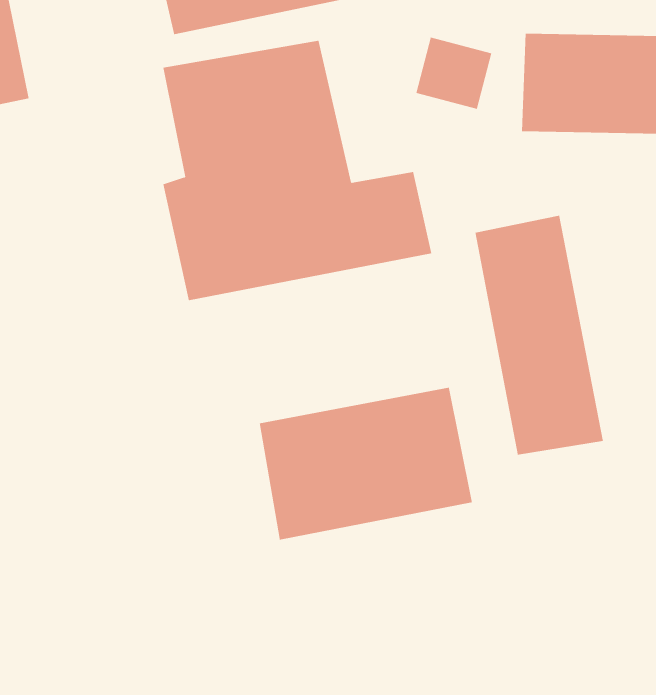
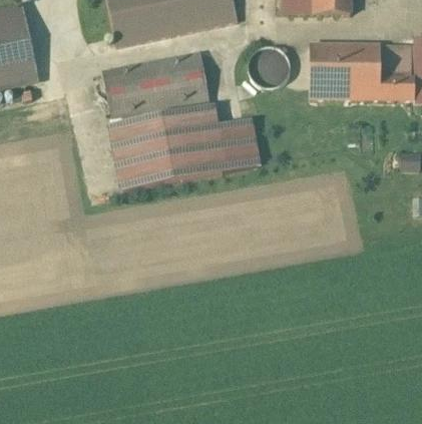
building: [475,215,604,455] -> none
building: [259,387,472,540] -> none

